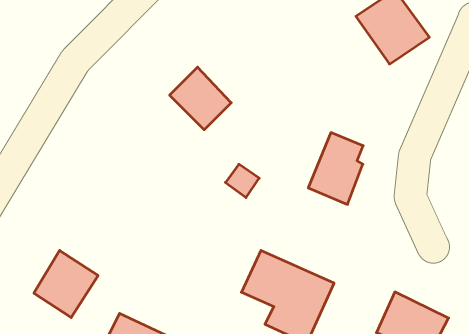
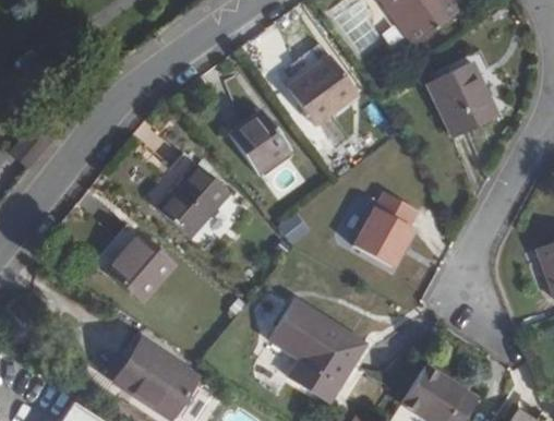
building: none -> [286,52,357,122]
building: none -> [155,161,229,236]
building: [34,250,98,318] -> [106,230,173,300]

